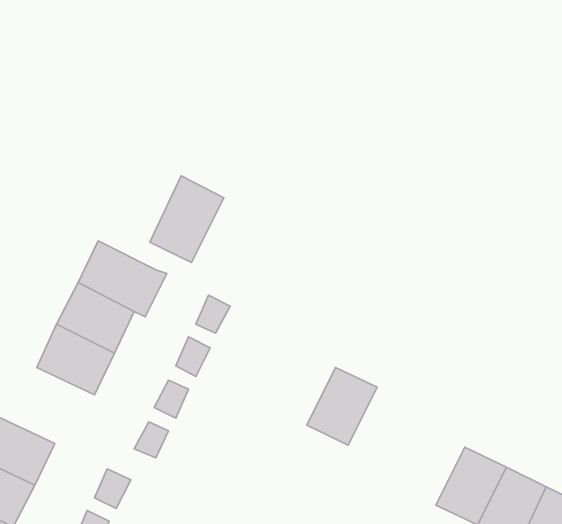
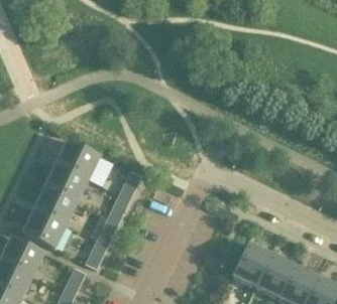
building: [150,176,224,263] -> none
building: [307,367,377,445] -> [233,244,272,287]
building: none -> [22,210,66,249]

